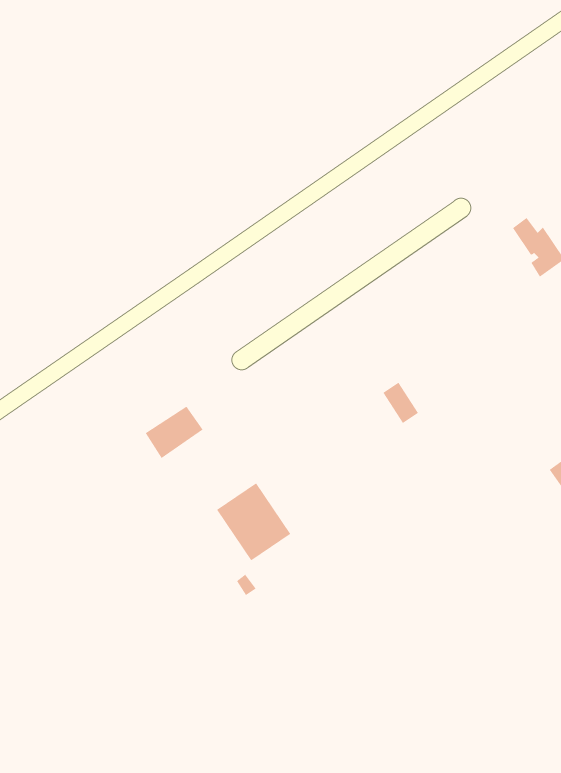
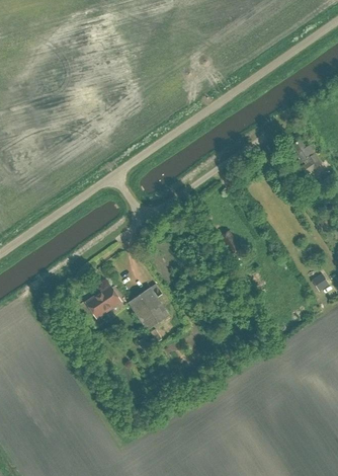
building: [145,406,203,459] -> [87,288,119,317]

